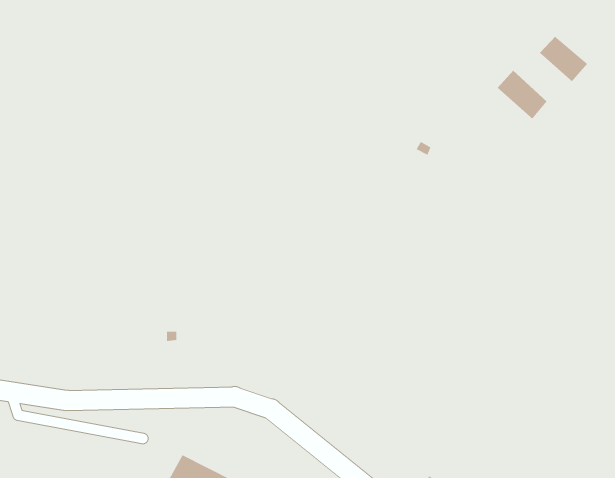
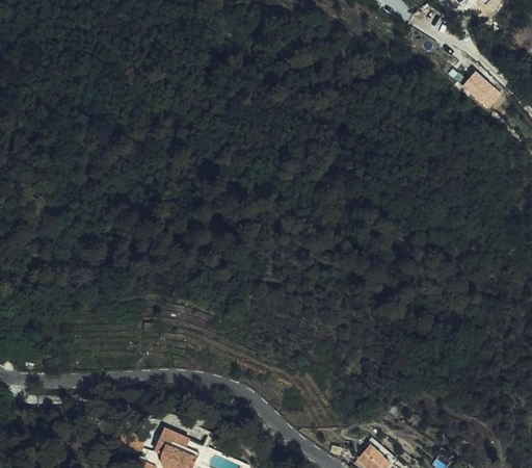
building: [497,70,548,119] -> none

